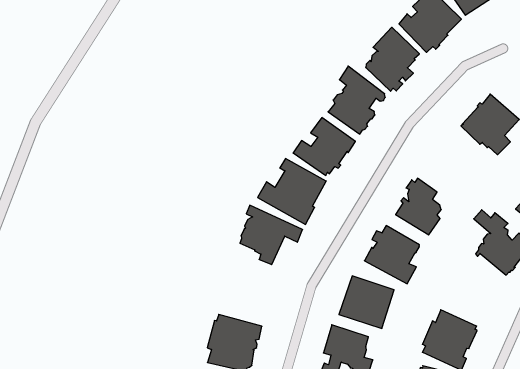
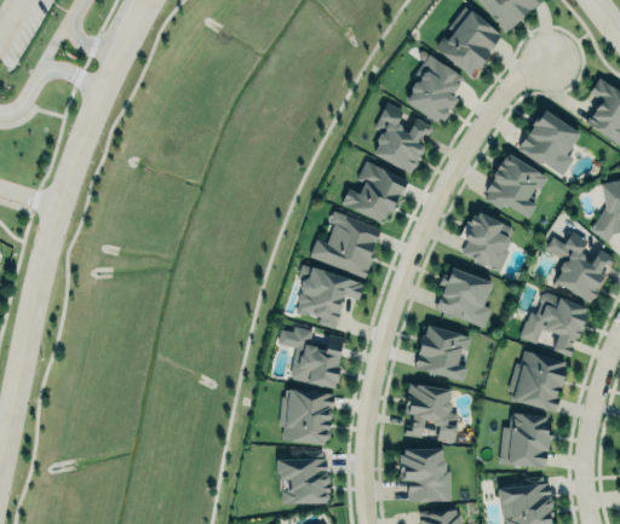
building: none -> [486,154,547,218]
building: none -> [519,292,586,357]
building: none -> [291,328,346,388]

